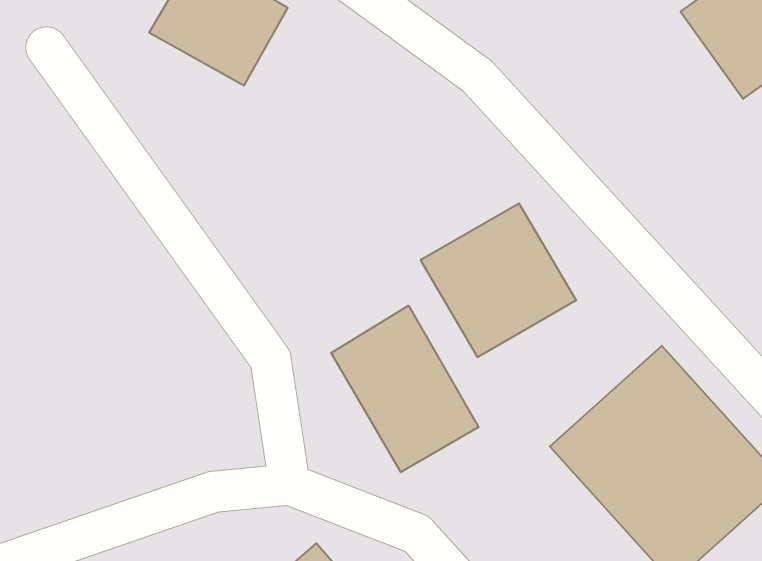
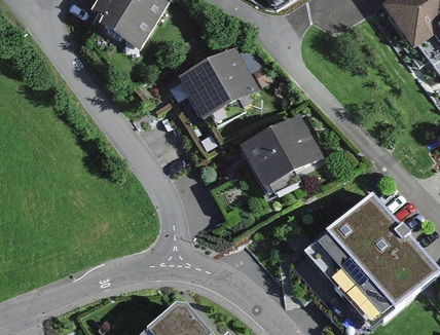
building: none -> [182,54,257,126]
building: [331,306,479,472] -> none

